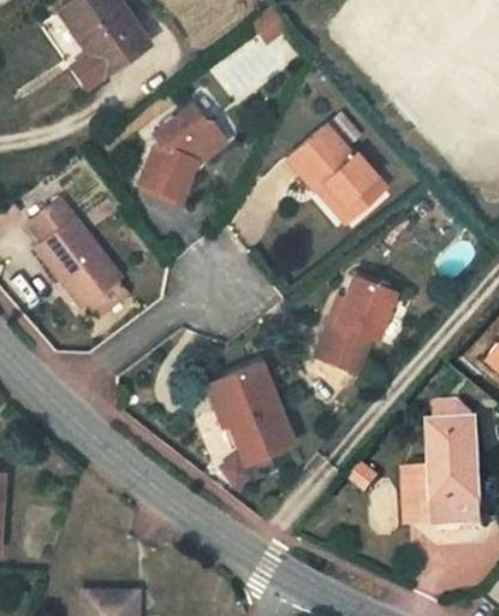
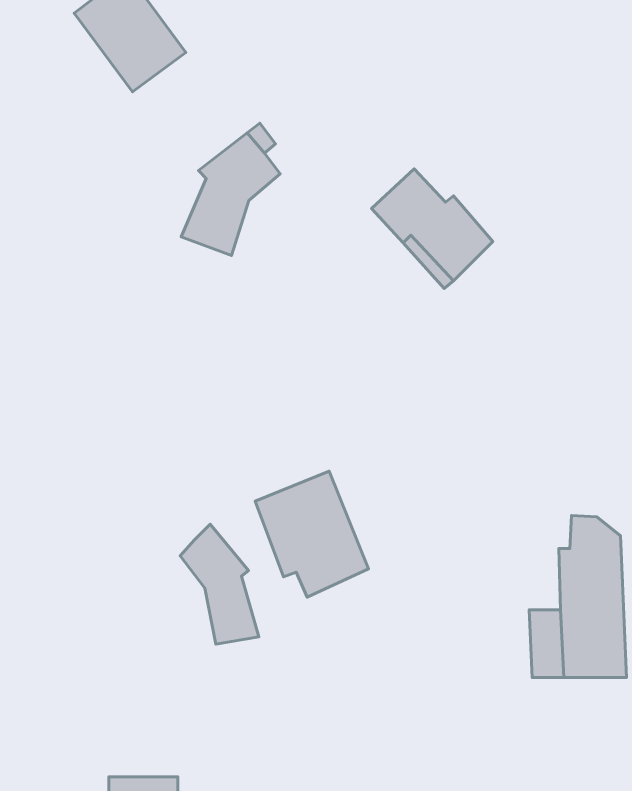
building: [35,195,124,301] -> none
building: [313,283,380,374] -> none
building: none -> [180,524,259,644]

